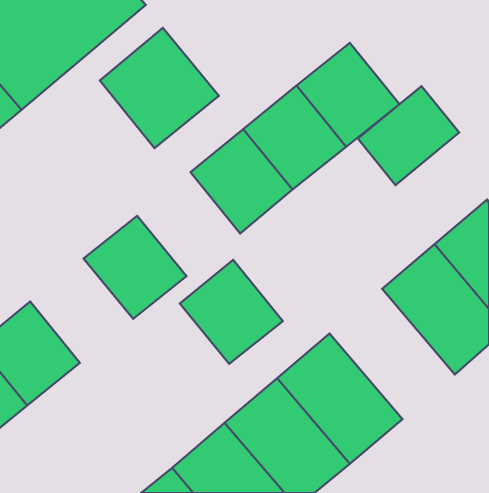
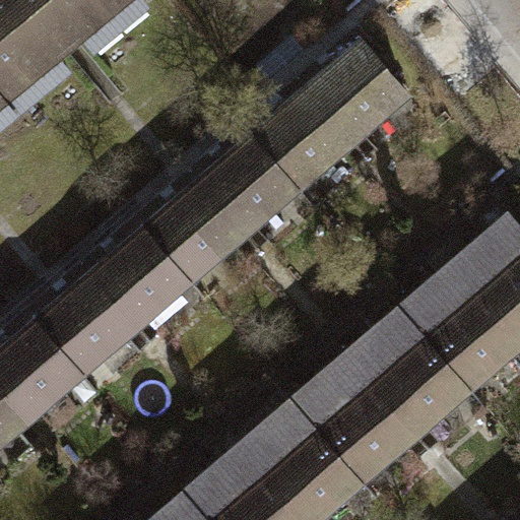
building: [100,28,219,148] -> none
building: [358,86,459,185] -> none
building: none -> [31,270,139,379]
building: [180,260,283,364] -> [143,180,251,288]
building: none -> [344,302,475,438]

